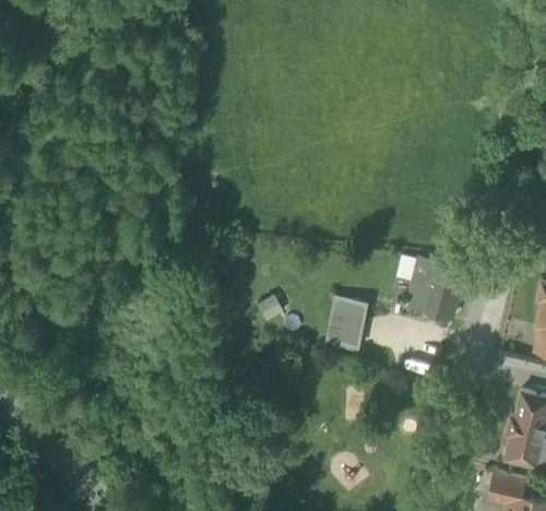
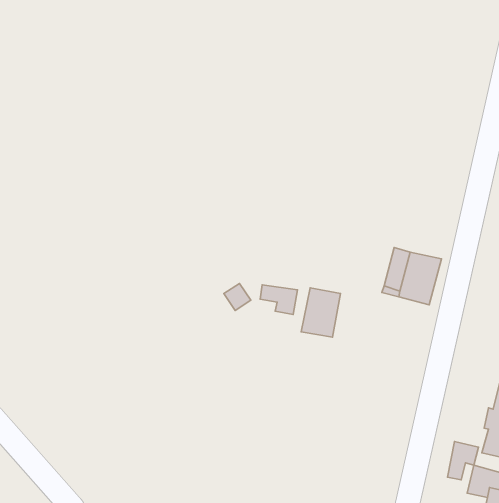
building: none -> [260,285,298,315]
building: none -> [447,442,479,480]

